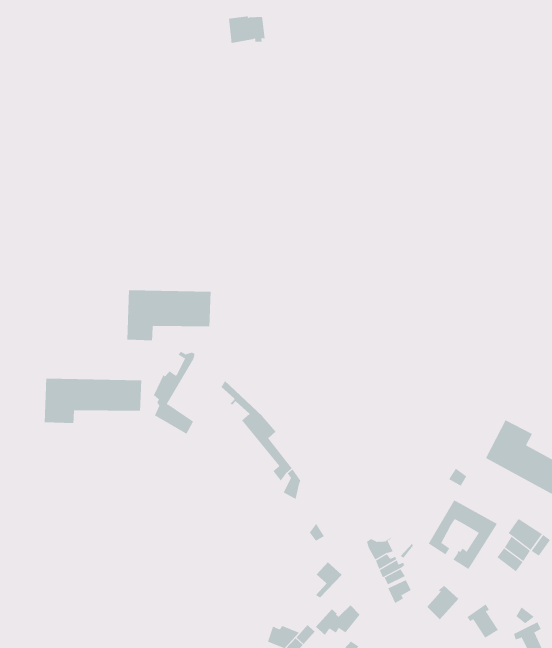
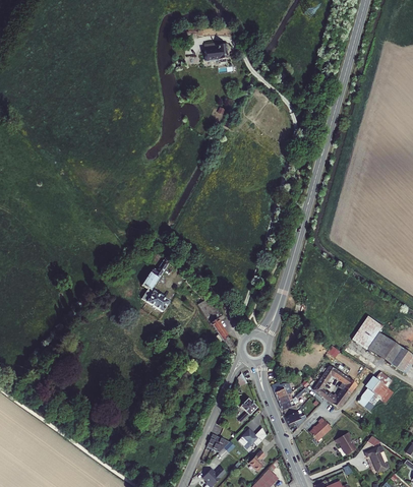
building: [127,289,211,341] -> none
building: [44,378,142,424] -> none

